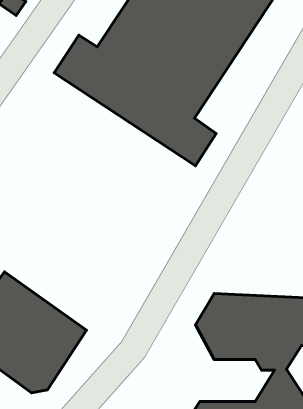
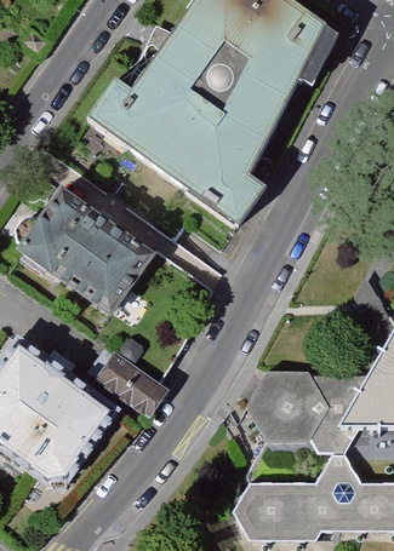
building: none -> [29,185,161,306]
building: none -> [103,354,172,412]

